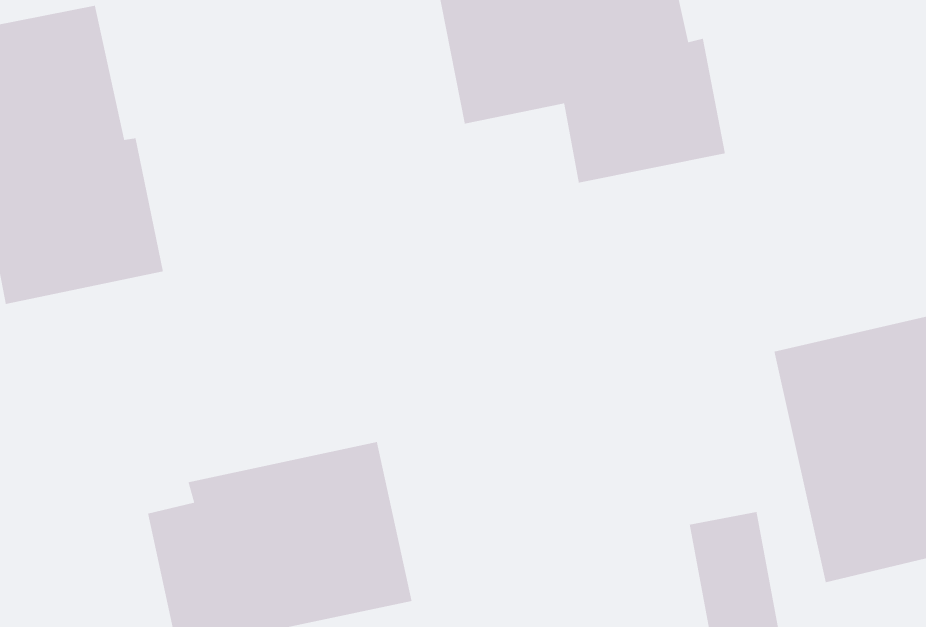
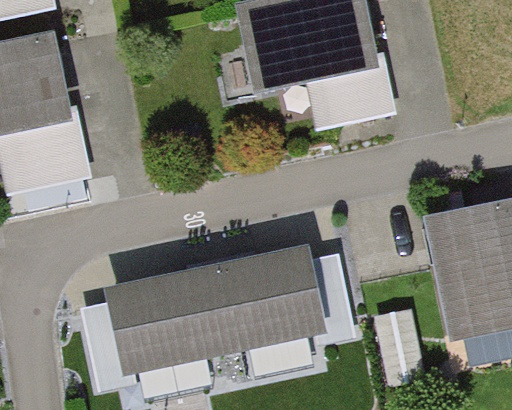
building: none -> [207,247,358,356]

